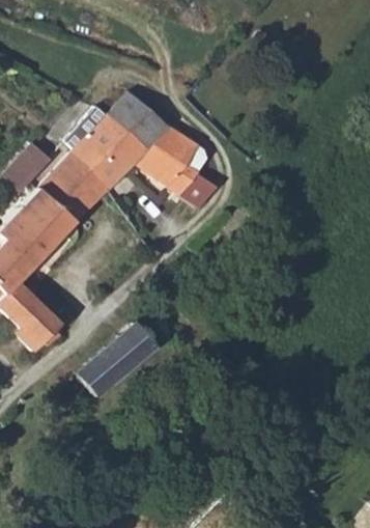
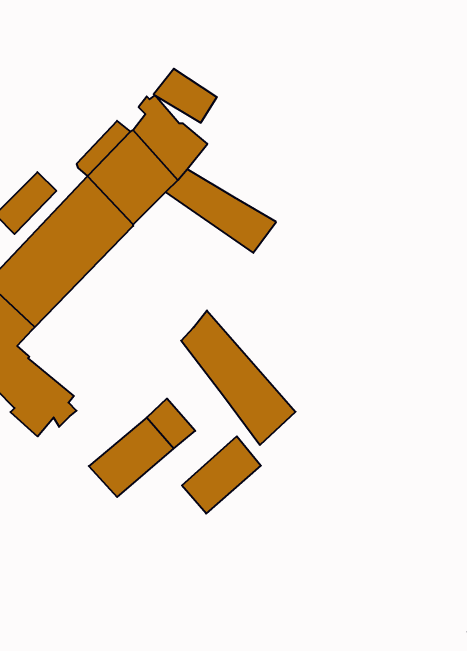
building: [151,126,200,167] -> [154,69,217,123]
building: none -> [181,310,296,445]
building: none -> [182,436,261,514]

